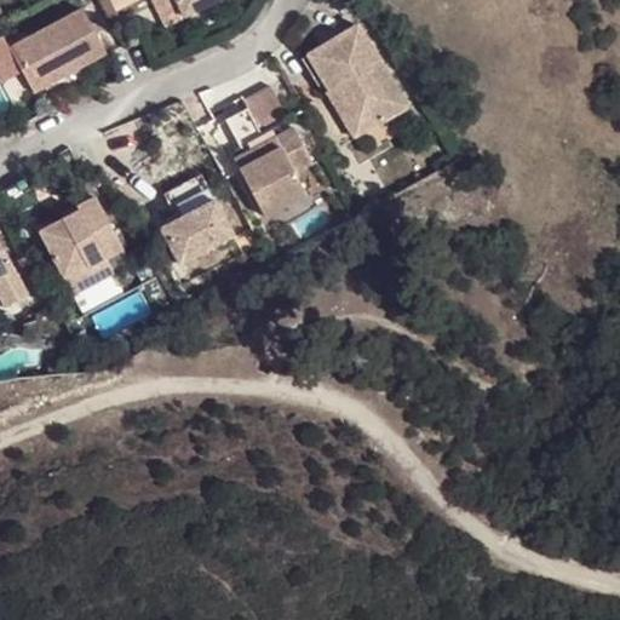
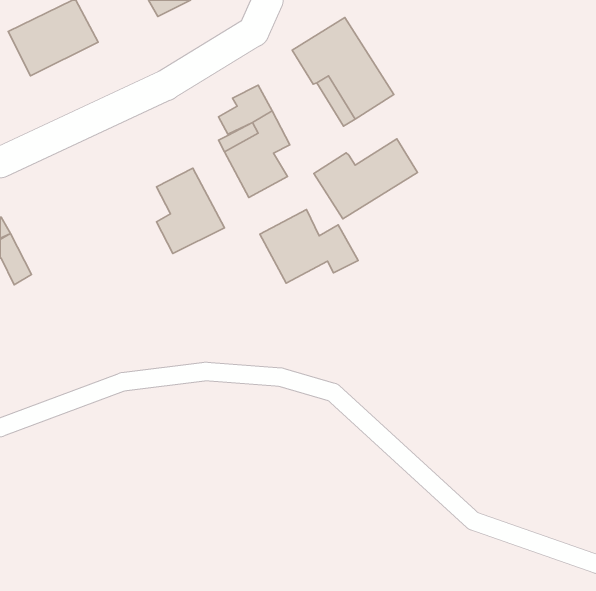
building: none -> [314,139,418,219]
building: [38,202,125,302] -> none
building: none -> [260,209,358,283]

